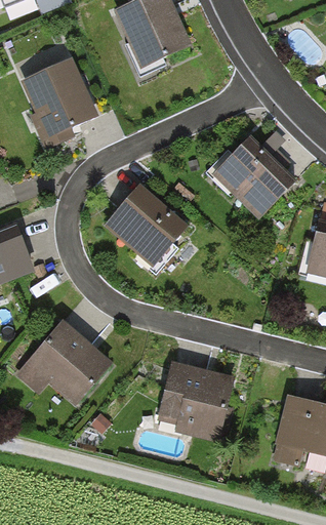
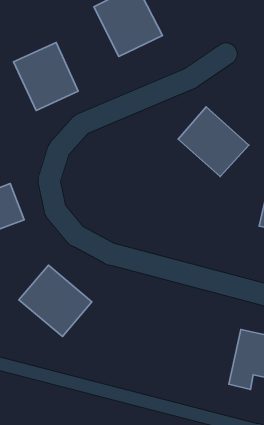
building: [105,183,190,267] -> none
building: [159,362,235,434] -> none

